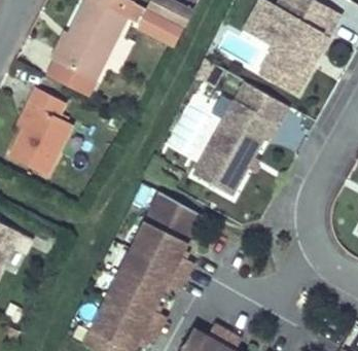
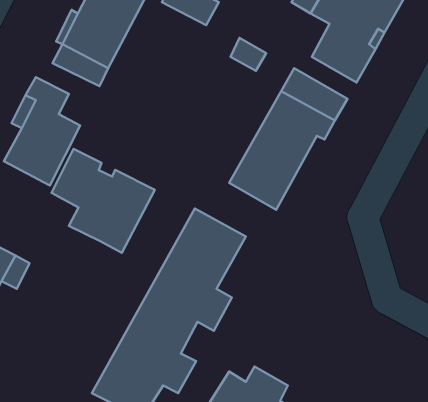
building: none -> [51,149,155,253]

